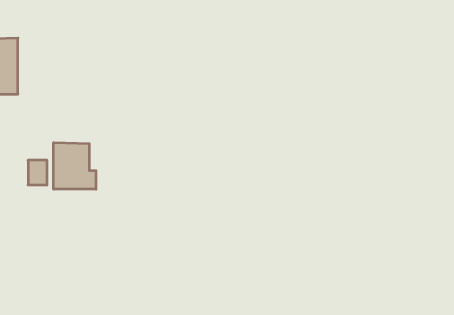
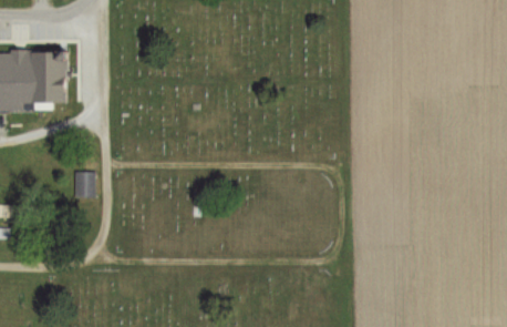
building: [54,143,96,189] -> none

